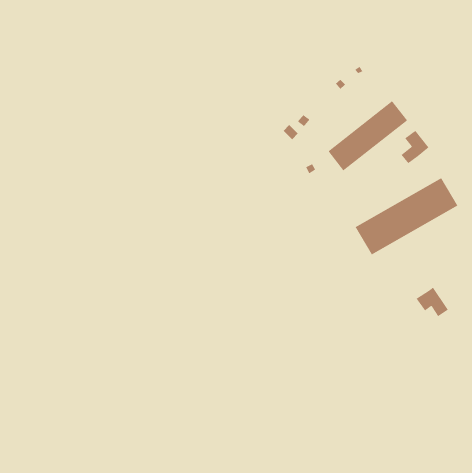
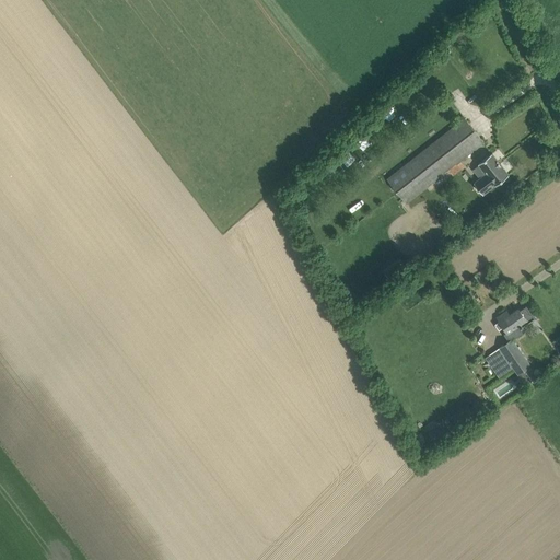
building: [355,177,458,256] -> none
building: none -> [494,306,534,342]

